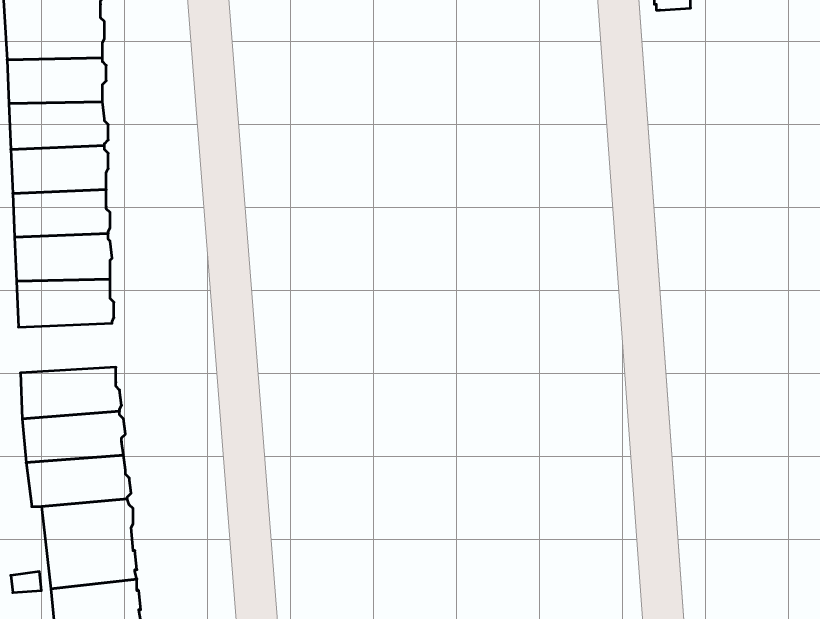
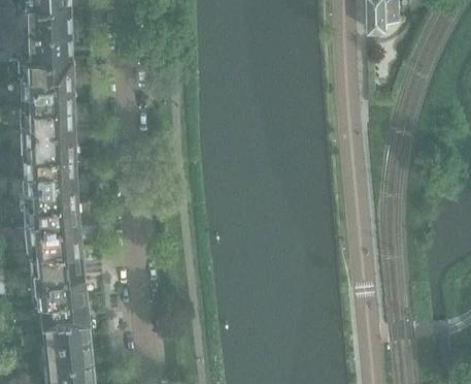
building: none -> [27,202,80,229]

